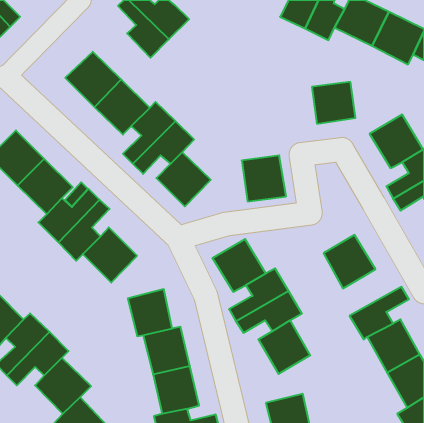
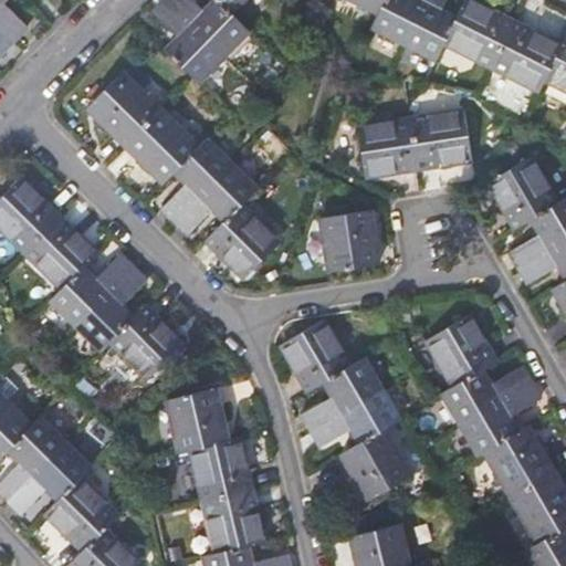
building: none -> [358,120,419,177]
building: none -> [443,368,531,423]

